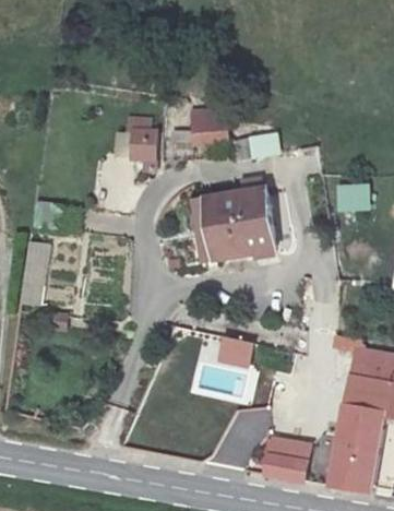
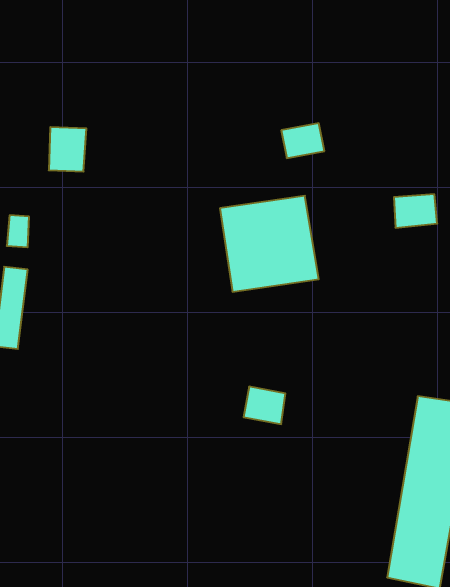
building: [192,109,227,144] -> none
building: [128,128,157,163] -> [49,127,86,172]
building: [262,437,309,478] -> none

